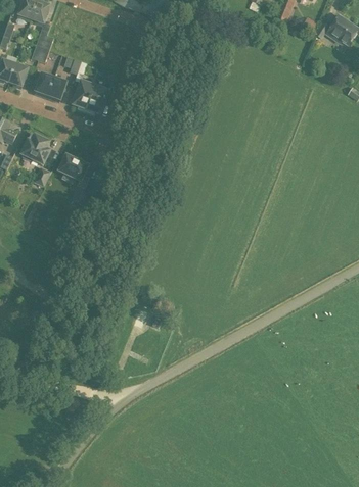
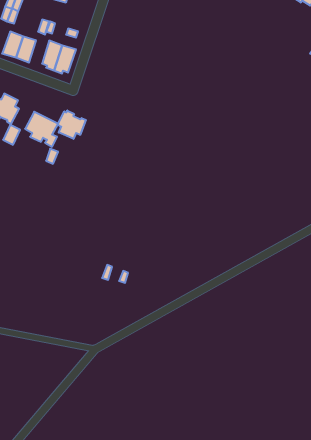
building: none -> [58,110,86,139]

